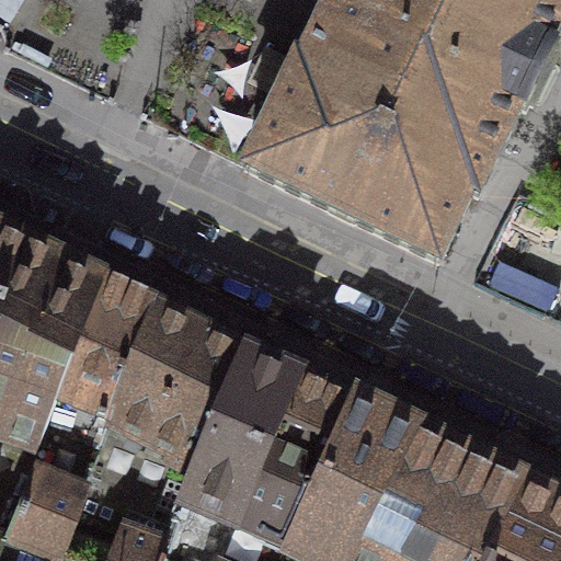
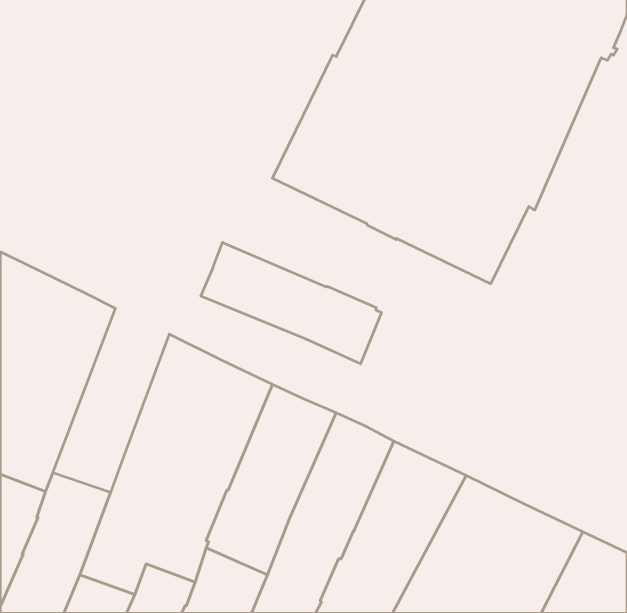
building: none -> [201,242,381,364]
building: [47,275,151,439] -> none

